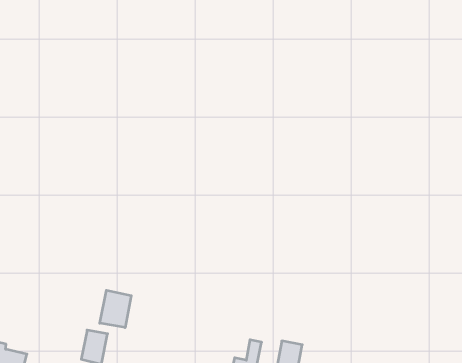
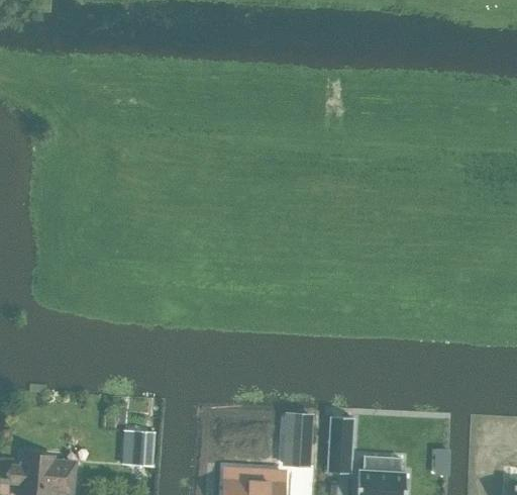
building: [100,290,131,328] -> none

